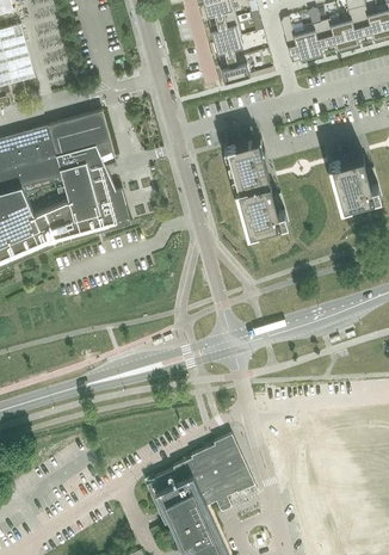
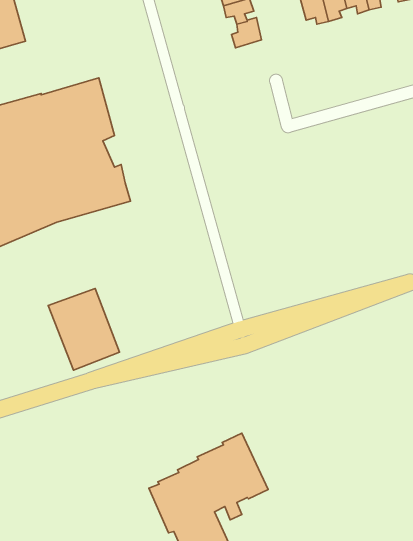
building: [226,141,286,232] -> none
building: [331,156,379,206] -> none
building: none -> [48,289,120,370]

